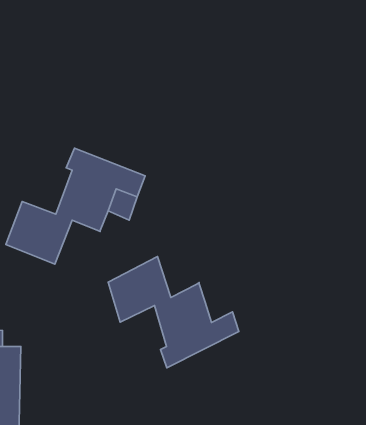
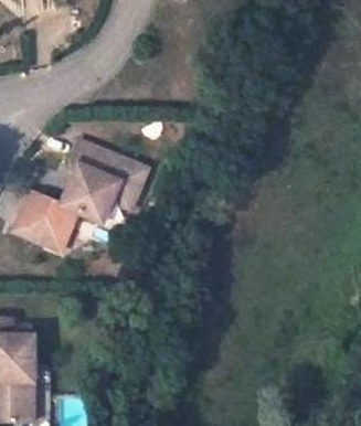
building: [108,257,239,368] -> none

